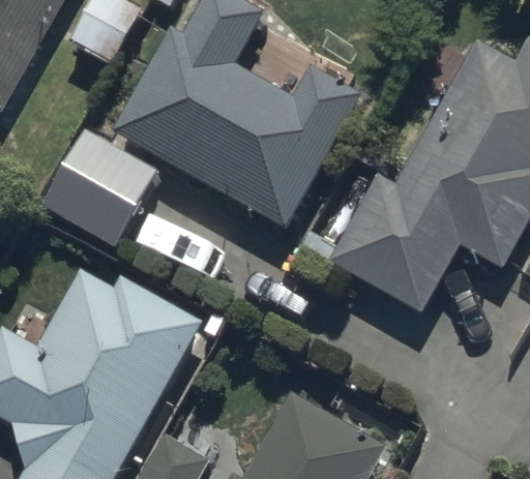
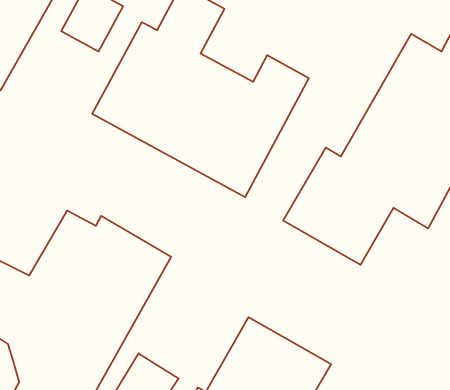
building: [40,131,158,249] -> none

